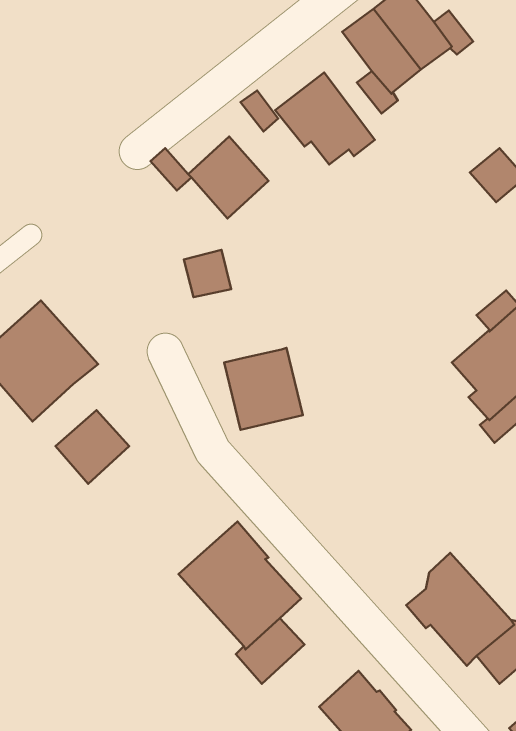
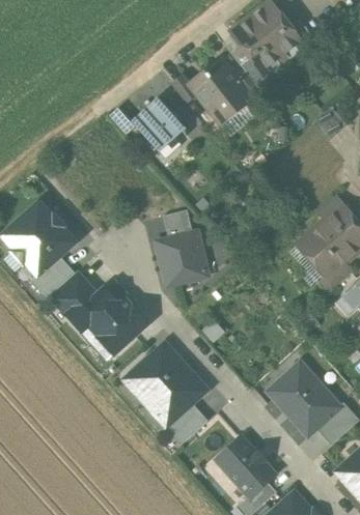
building: [184,250,231,297] -> [162,208,192,238]
building: none -> [34,255,75,294]
building: none -> [70,287,146,353]

